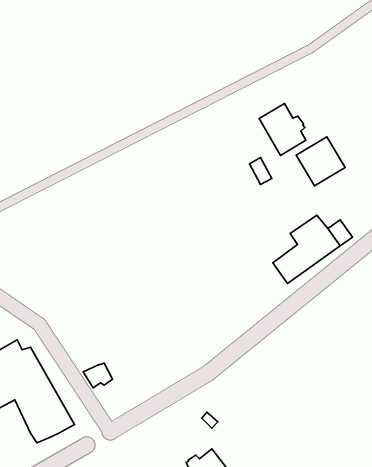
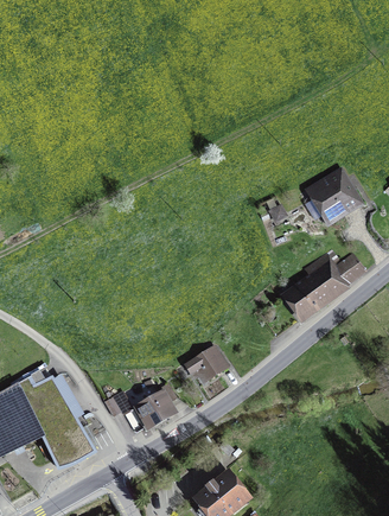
building: [259,104,306,155] -> none
building: none -> [184,346,225,381]
building: none -> [135,383,176,431]

